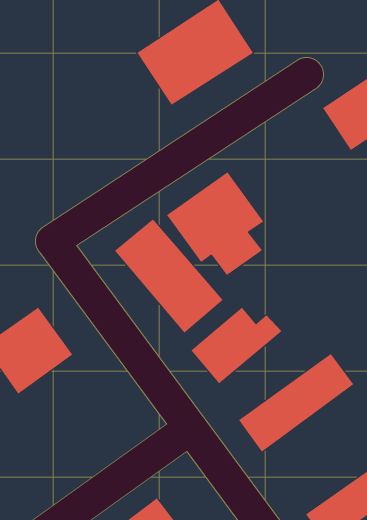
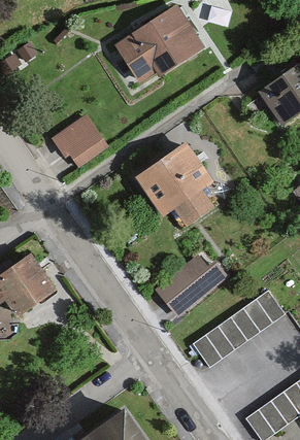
building: none -> [55,107,112,163]
building: [114,218,224,334] -> none

